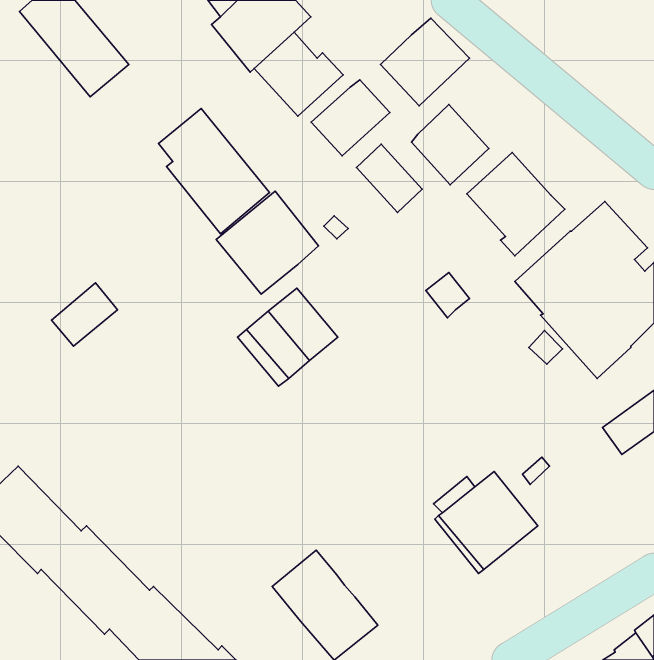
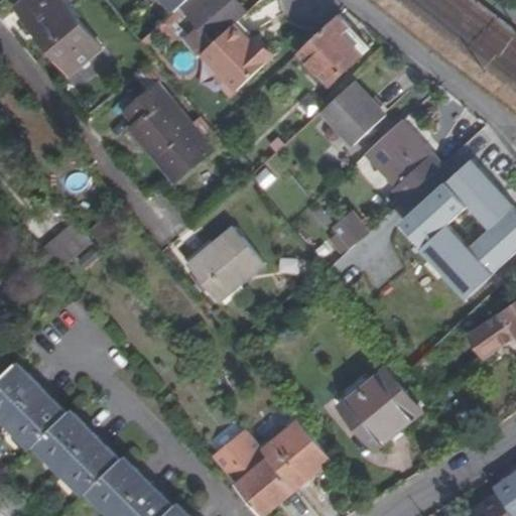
building: [311,80,390,156] -> none
building: [357,144,422,212] -> none
building: [216,191,319,294] -> none
building: none -> [263,418,332,488]

